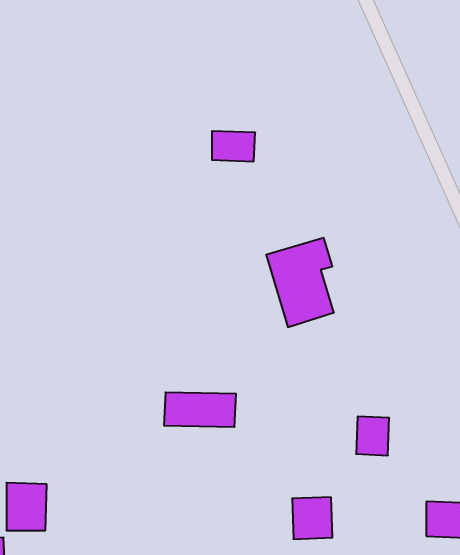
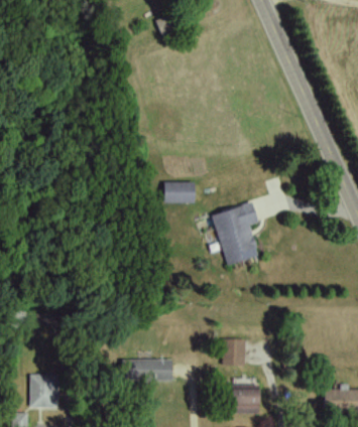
building: [212,131,255,161] -> [164,181,195,202]
building: [164,392,236,427] -> [121,359,171,383]
building: [356,416,389,455] -> [223,338,246,366]

